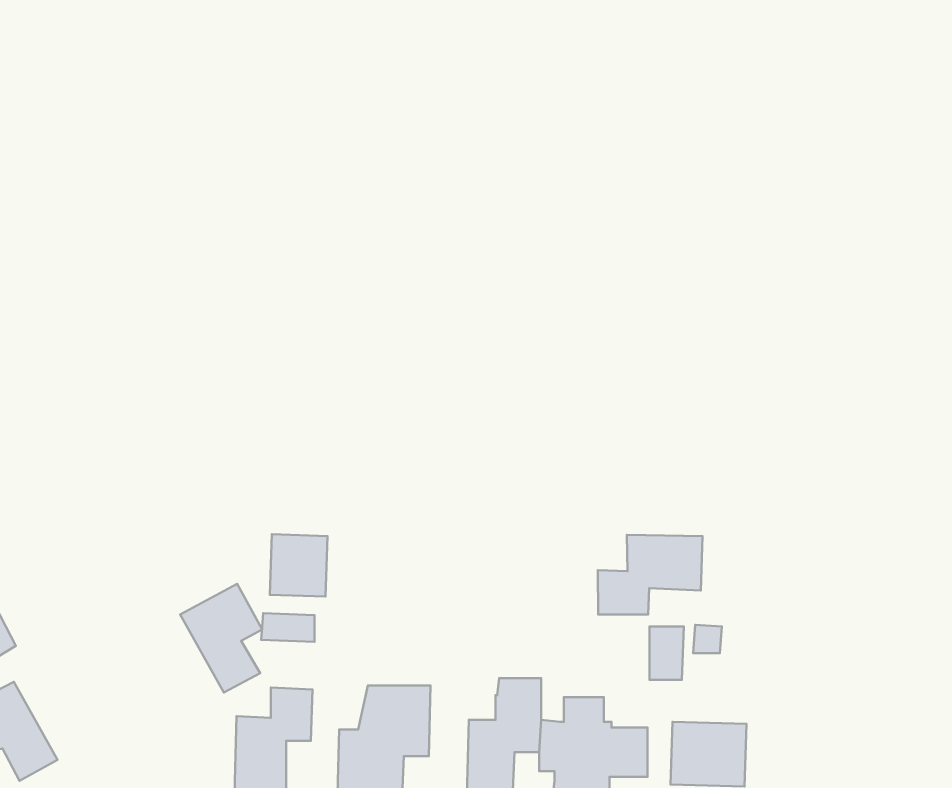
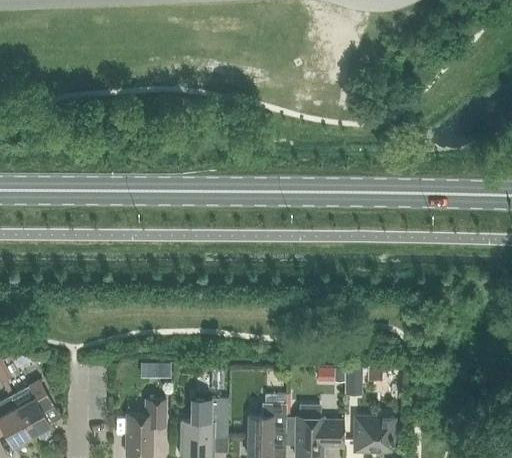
building: [270,534,328,596] -> none
building: [598,535,703,614] -> none
building: [180,584,262,692] -> [10,381,53,438]

